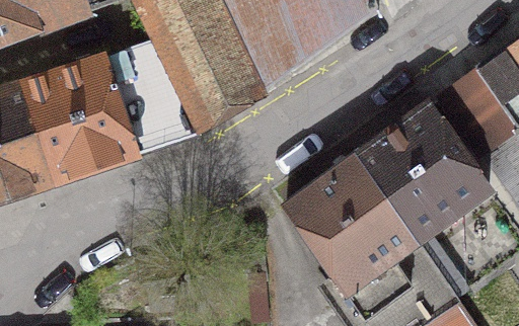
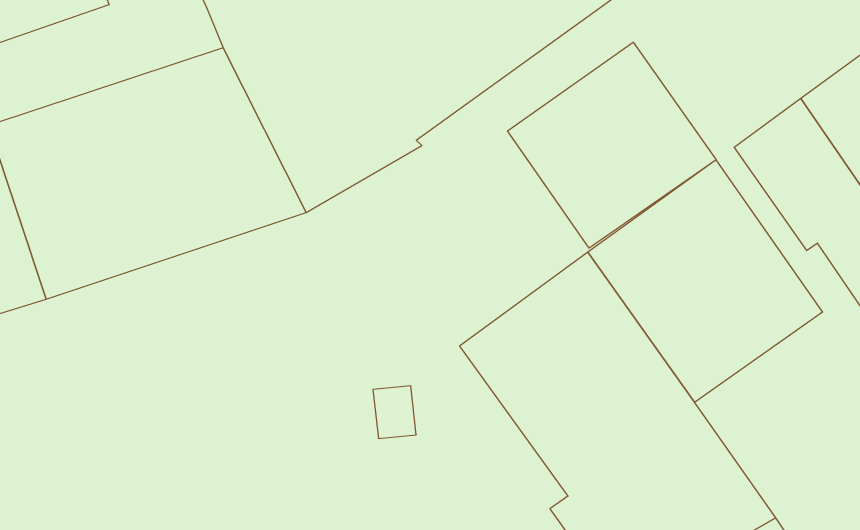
building: none -> [508,42,716,248]

